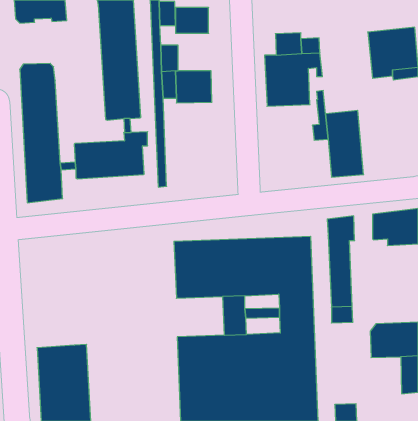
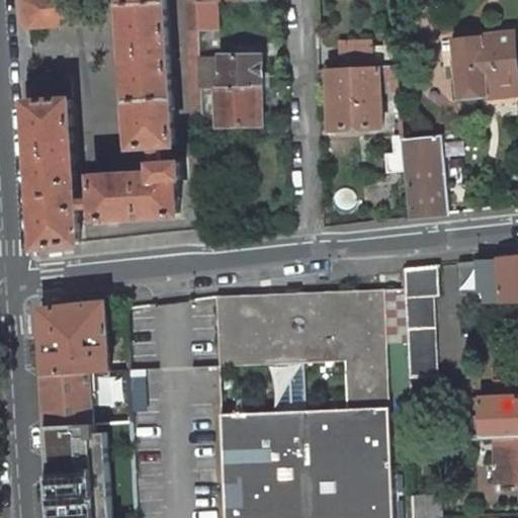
building: [176,8,209,33] -> [219,56,259,87]
building: none -> [37,303,108,427]

